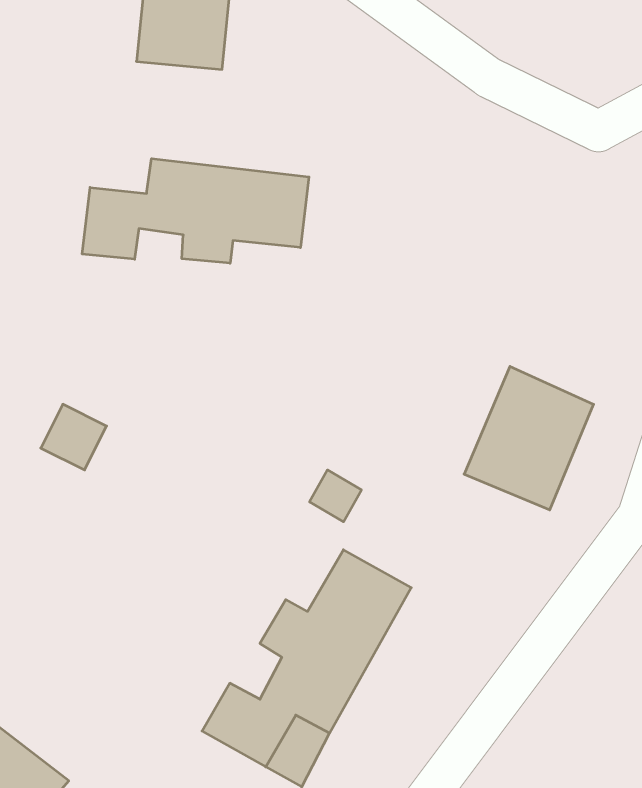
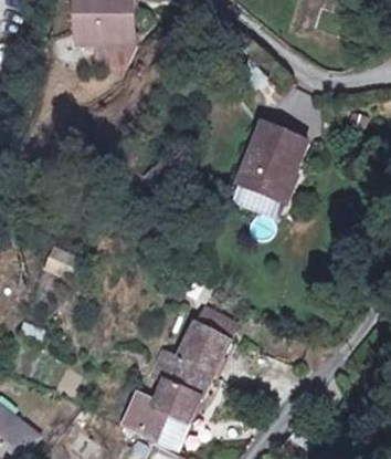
building: [82,159,309,263] -> none
building: [464,366,594,510] -> [239,112,310,191]

